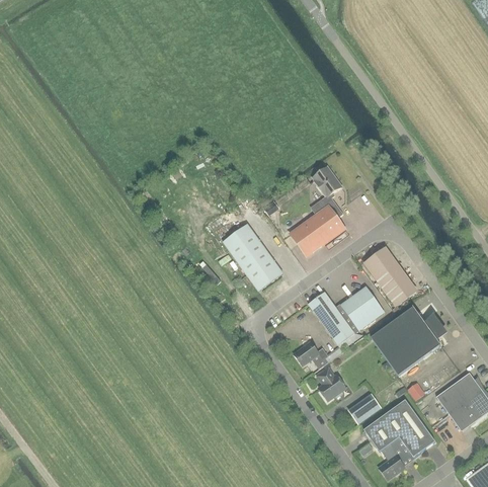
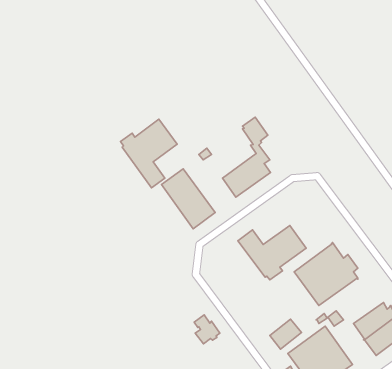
building: none -> [121,119,177,188]
building: [364,247,416,306] -> none
building: [294,341,328,366] -> none
building: [317,368,345,400] -> [194,315,220,344]

